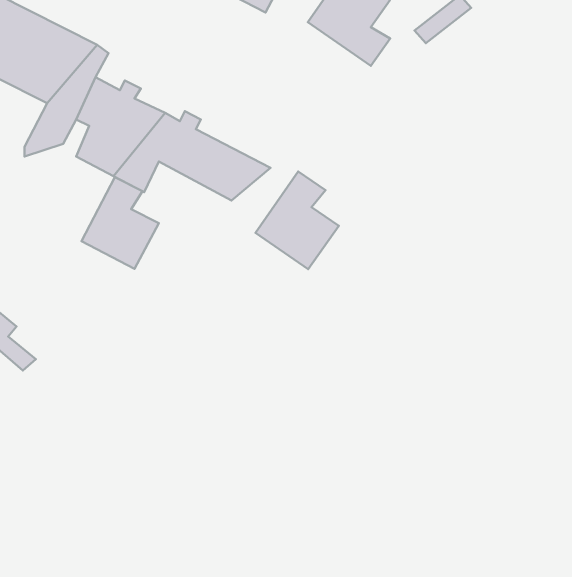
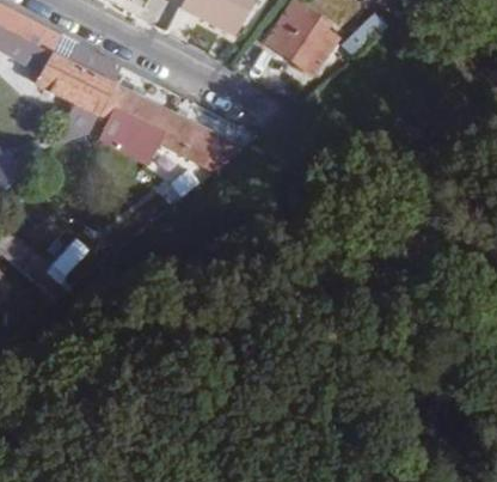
building: [256,172,339,269] -> none
building: [81,177,159,269] -> none

